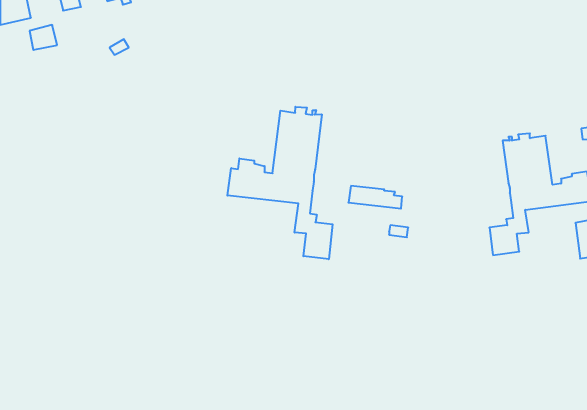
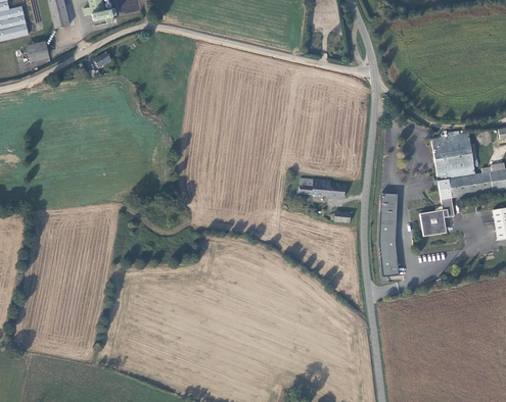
building: [227,107,333,259] -> none
building: none -> [379,192,400,275]

